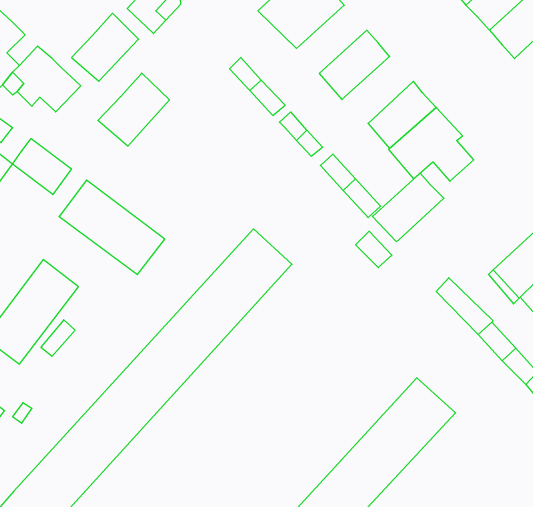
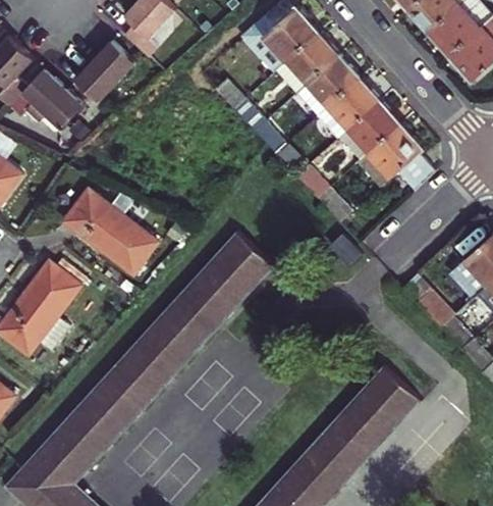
building: none -> [276,32,339,93]
building: [98,73,169,146] -> none
building: [13,139,71,195] -> none
building: [372,173,444,241] -> [317,78,381,139]

